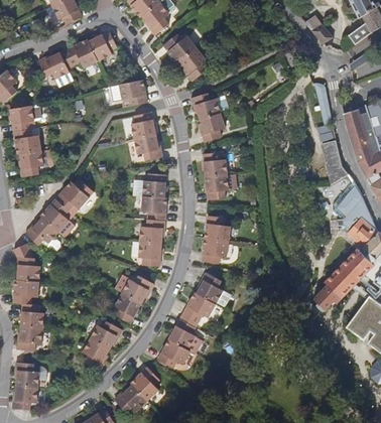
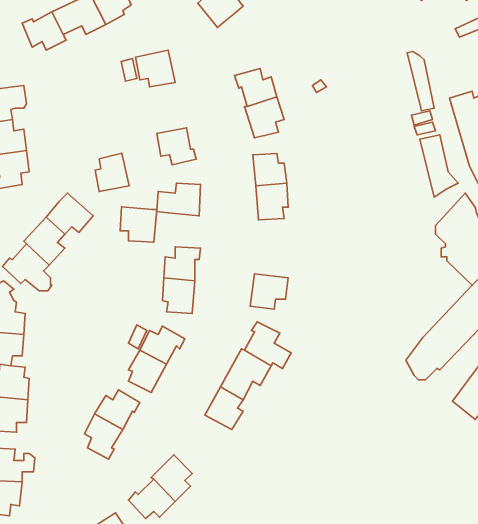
building: [177,47,206,81] -> none
building: [131,111,155,138] -> [95,153,129,191]
building: [141,194,167,220] -> [120,207,157,242]
building: [204,216,230,241] -> none
building: [157,338,189,368] -> none

